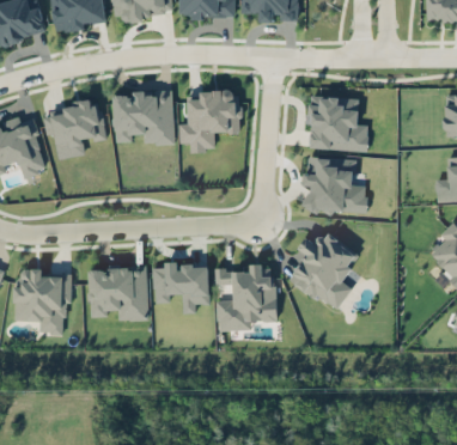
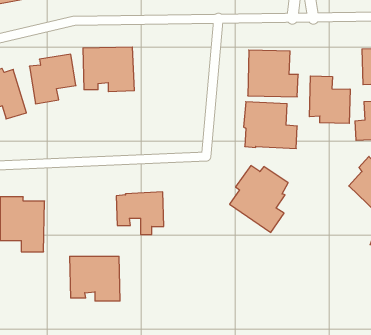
building: [178,90,238,151] -> none
building: none -> [310,76,350,123]
building: [215,264,276,331] -> none
building: [89,268,148,321] -> [70,256,120,301]

